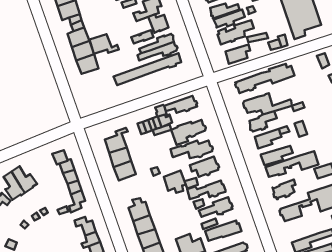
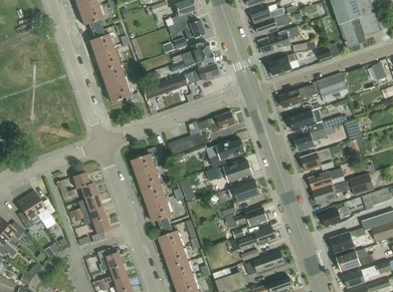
building: [89,34,119,54] -> [106,80,139,102]
building: [164,171,186,193] -> [148,200,173,225]
building: none -> [337,252,374,272]

